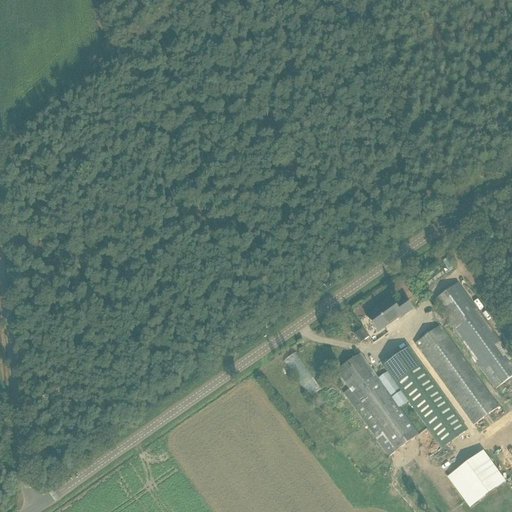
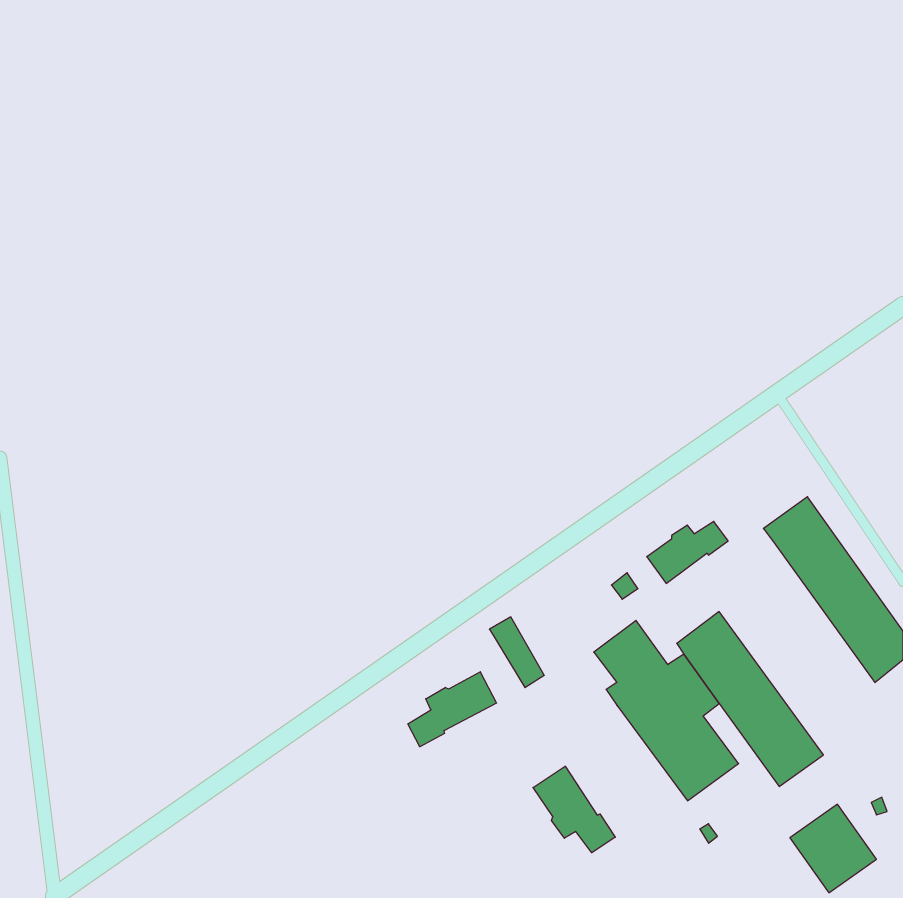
building: [415,323,498,422] -> none
building: none -> [408,672,496,747]
building: none -> [533,766,615,853]

